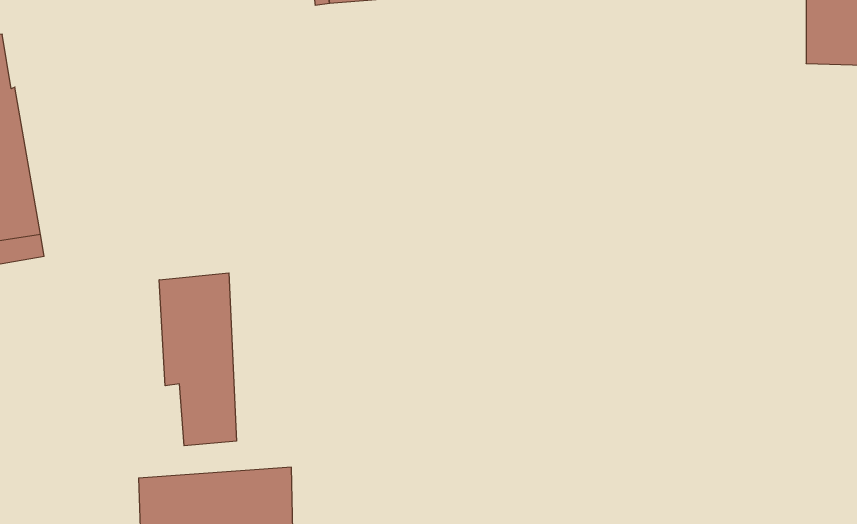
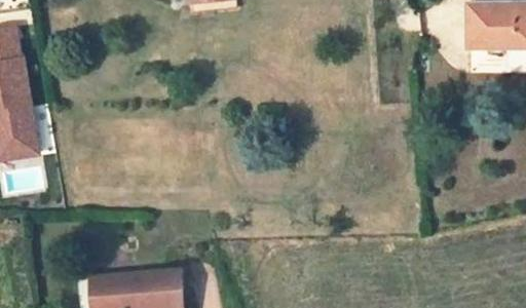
building: [159,273,236,446] -> none

